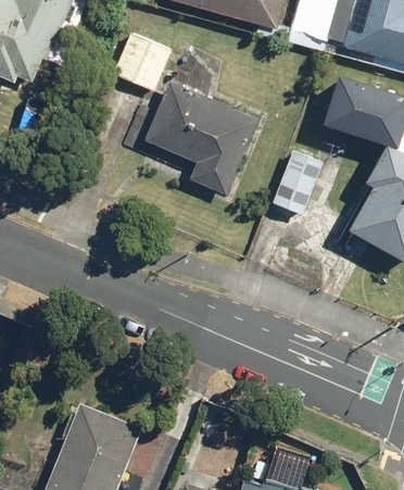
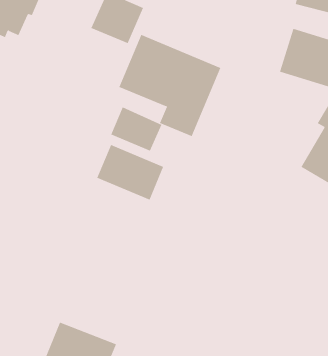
building: [272,150,323,215] -> none
building: none -> [111,107,162,152]
building: none -> [97,144,164,201]

